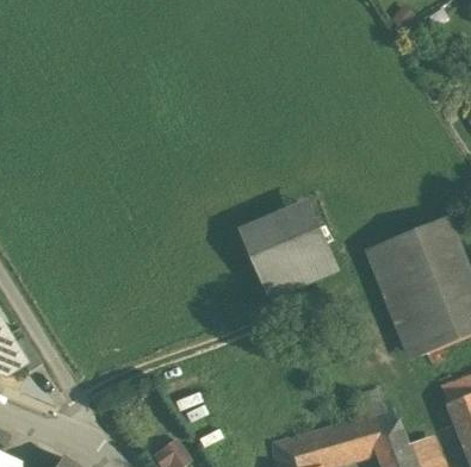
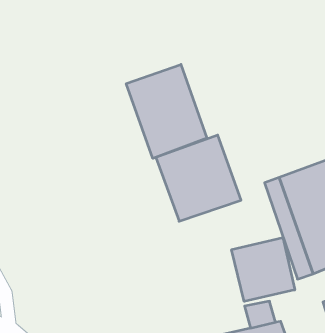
building: none -> [126,64,207,158]
building: none -> [232,238,295,301]

